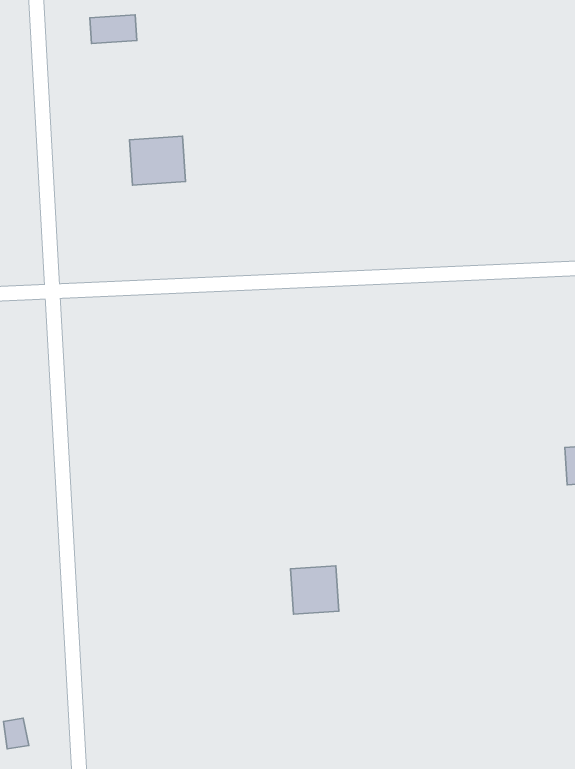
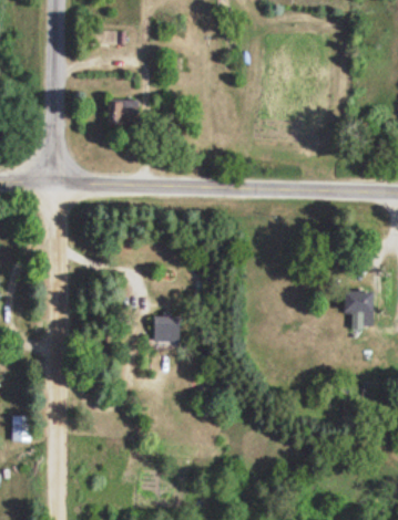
building: [291,566,339,614] -> [154,316,180,342]

